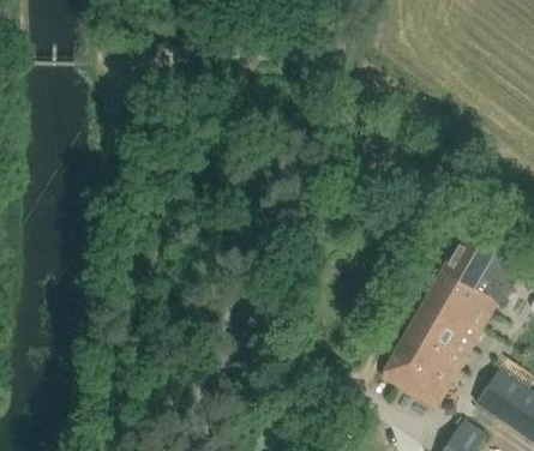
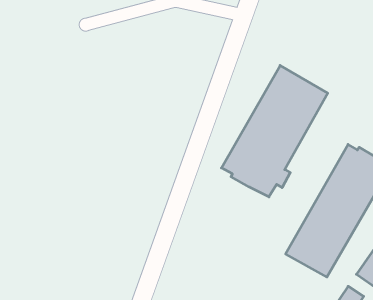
building: none -> [221,65,328,197]

